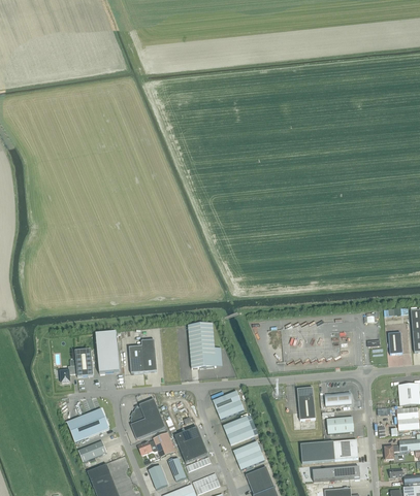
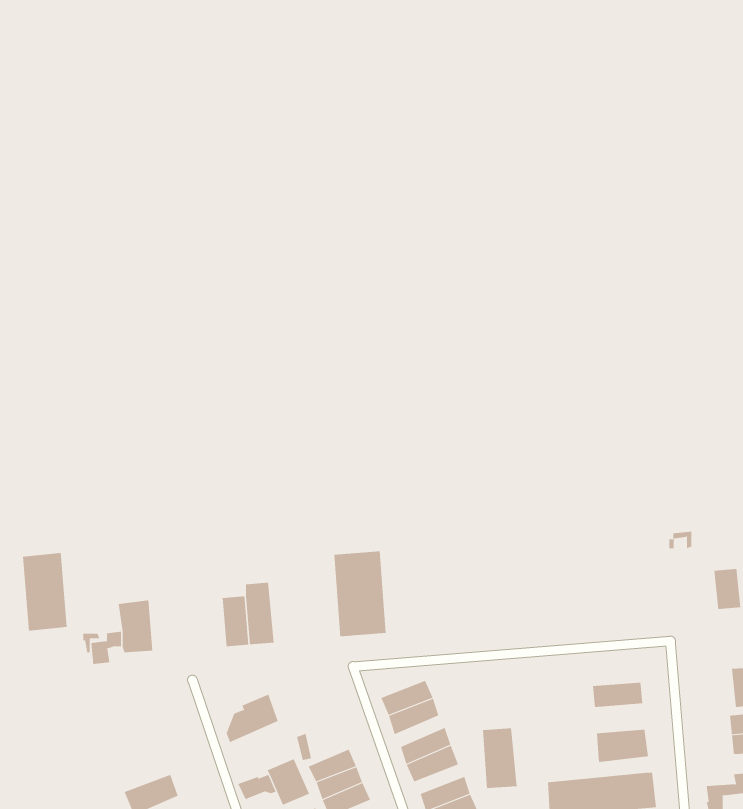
building: [96,331,120,372] -> [22,553,67,631]
building: [297,387,316,419] -> [482,728,518,789]
building: [67,407,109,441] -> none
building: [130,411,165,438] -> none

